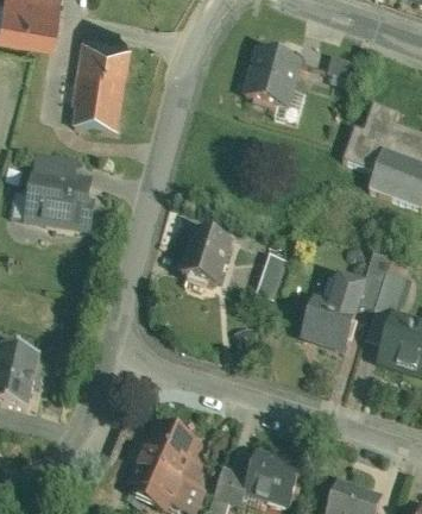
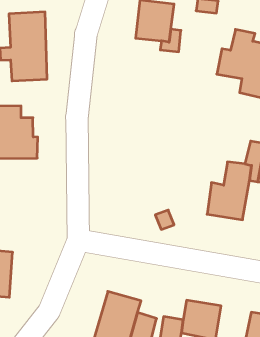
building: [174,231,228,294] -> none
building: [253,252,288,300] -> none

